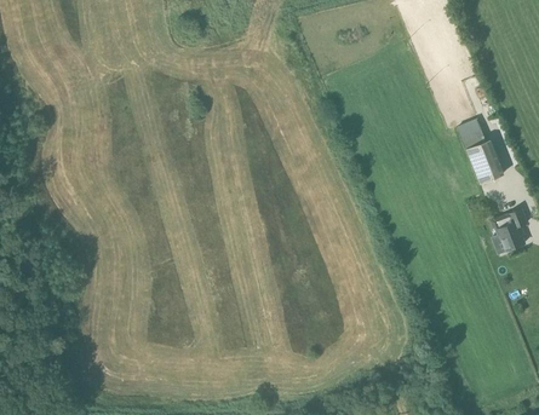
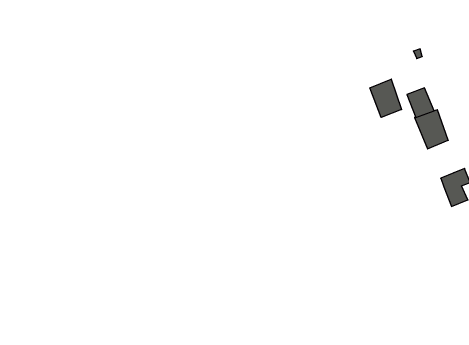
building: none -> [370,79,402,117]

